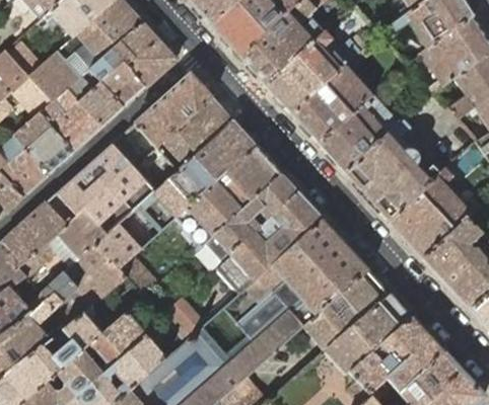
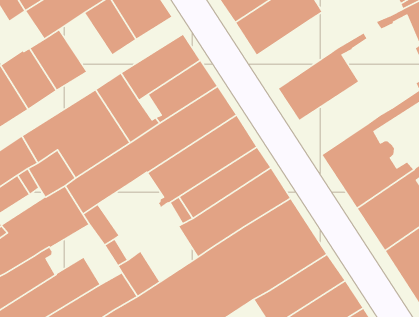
building: [266,31,368,114] -> none
building: [66,70,123,128] -> none
building: [12,77,53,117] -> none
building: [319,95,410,173] -> none

